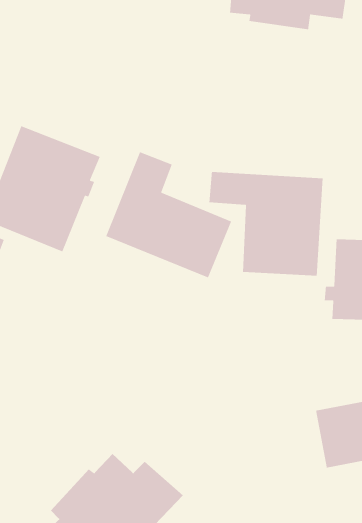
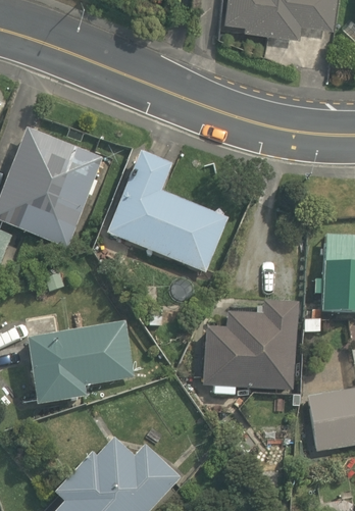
building: [209,171,323,277] -> none
building: none -> [203,301,298,396]
building: none -> [27,320,135,405]

